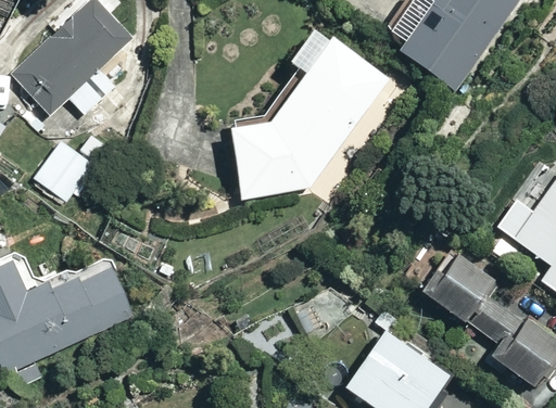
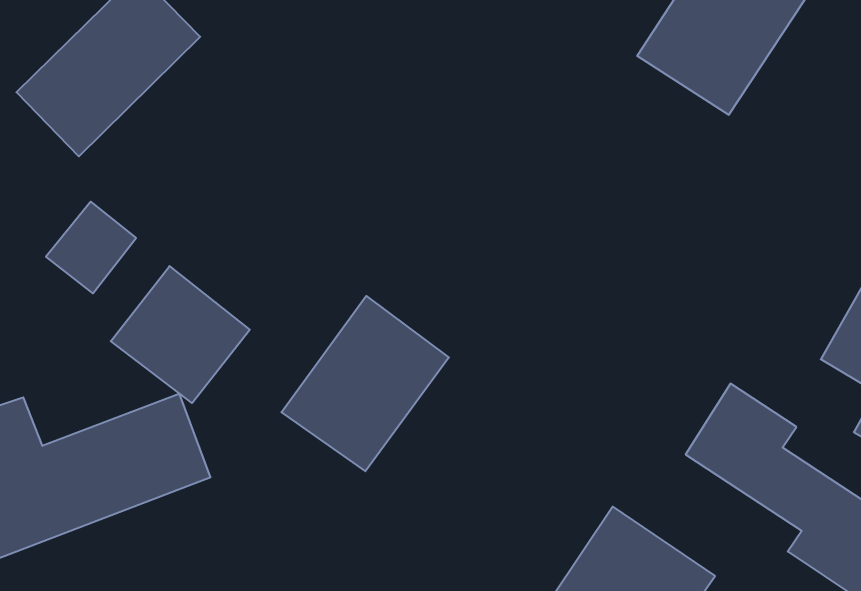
building: [231,35,389,197] -> none
building: none -> [111,266,250,403]
building: none -> [281,296,449,471]

